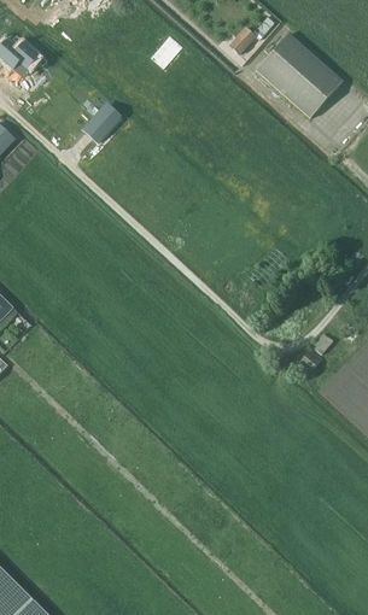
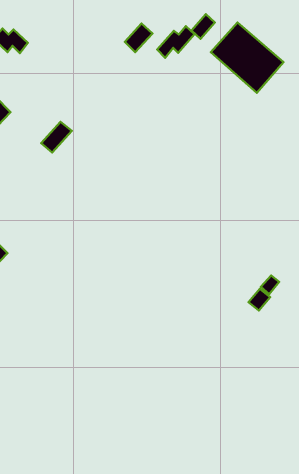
building: none -> [157,26,195,58]
building: [86,106,122,142] -> [41,122,72,152]

